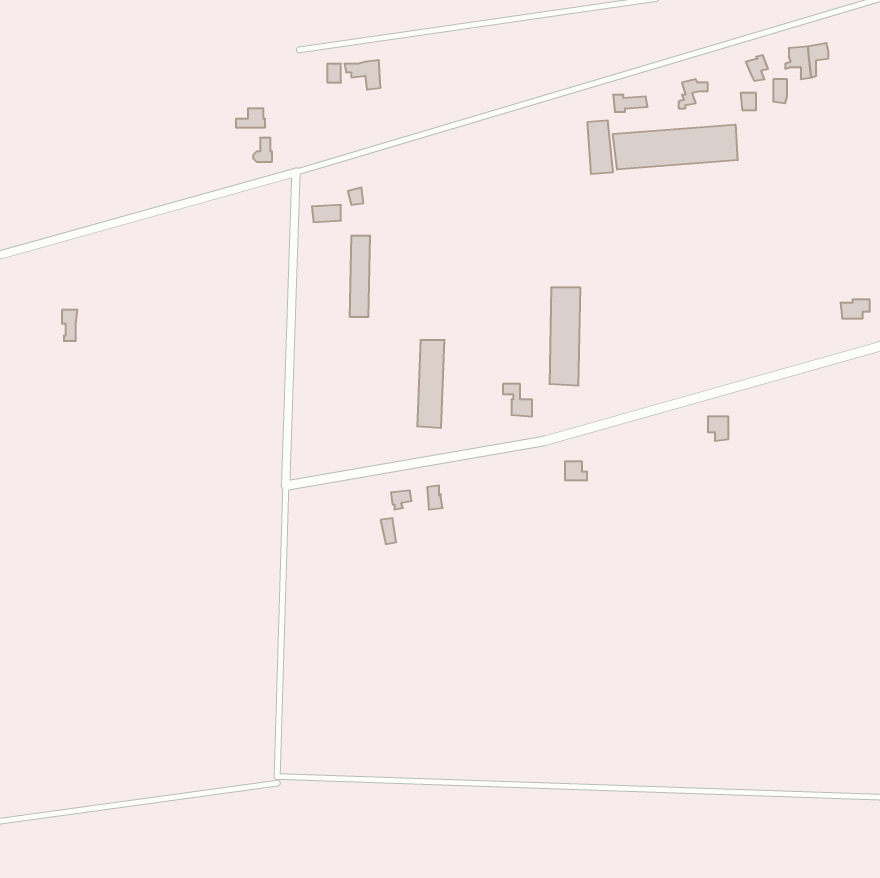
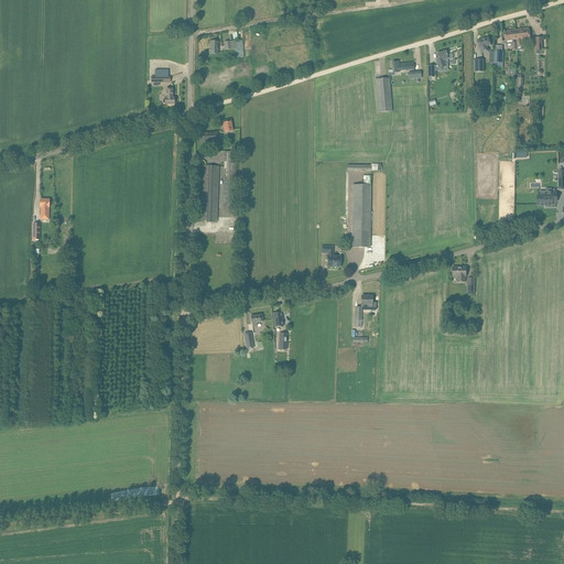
building: [613,124,738,170] -> none
building: [417,340,445,428] -> [202,165,219,221]

